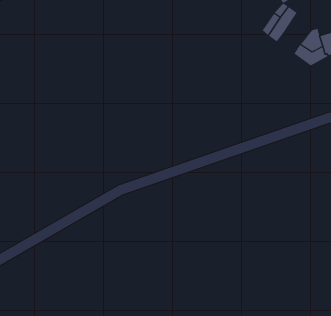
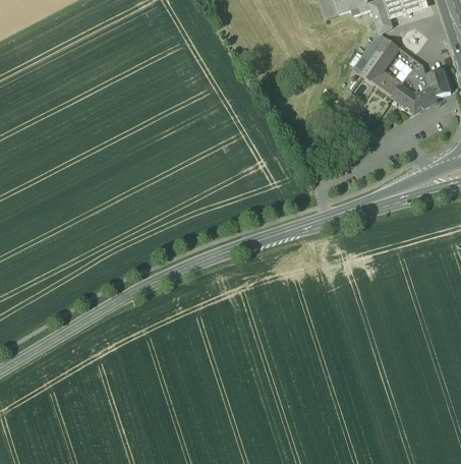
building: none -> [371,70,400,97]

